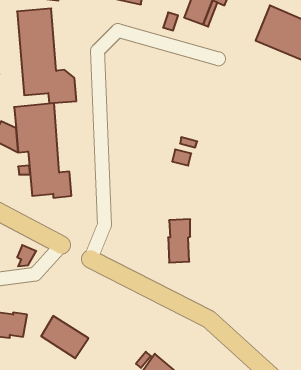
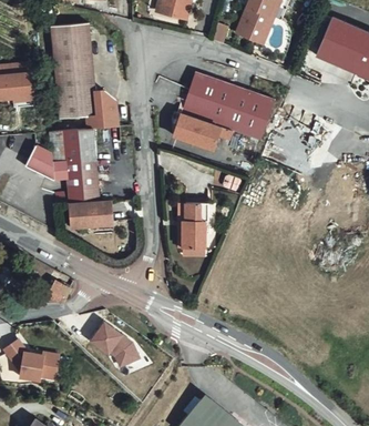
building: none -> [171,69,273,148]
building: [168,219,190,263] -> [182,196,206,244]
building: [41,316,88,358] -> [89,326,141,373]

